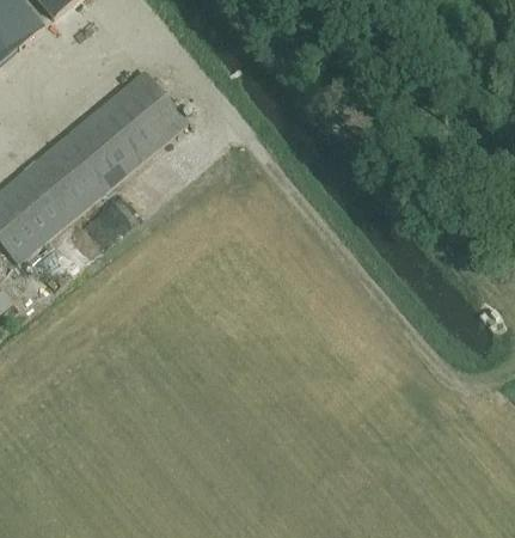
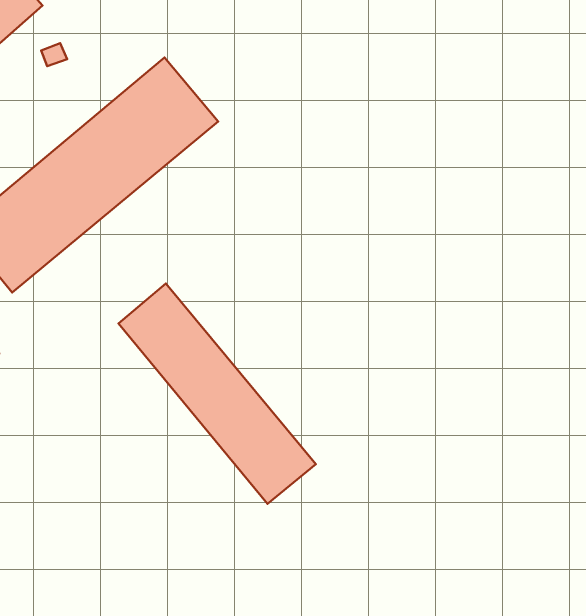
building: none -> [119,284,316,504]

